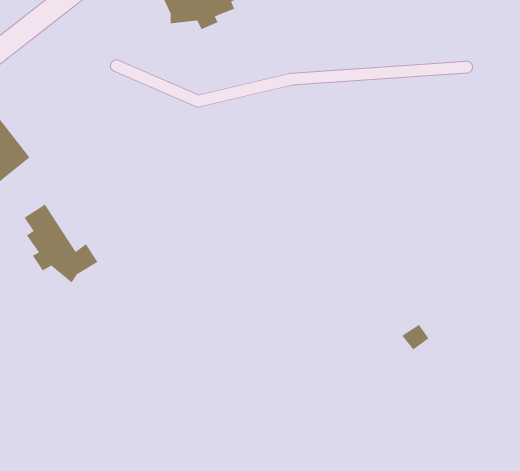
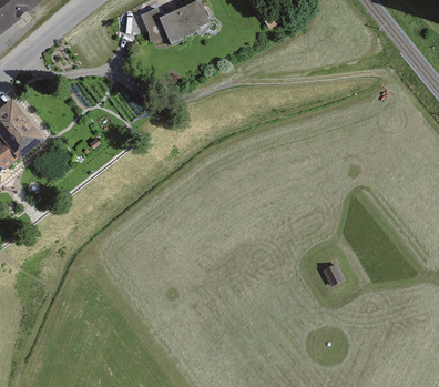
building: [23,204,99,284] -> none

